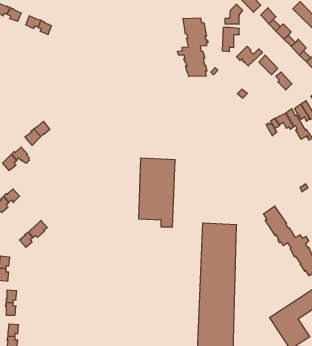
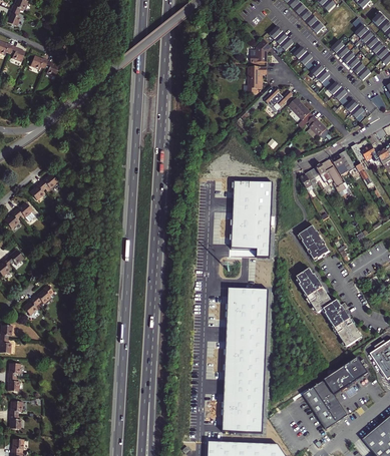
building: [178,18,208,77] -> none
building: [139,158,175,227] -> [230,179,271,257]
building: none -> [299,224,330,259]

